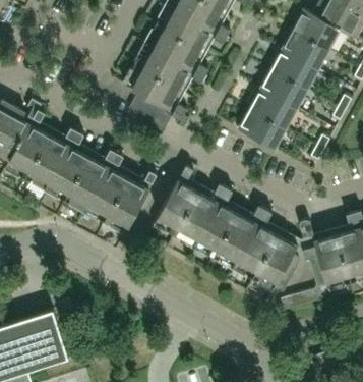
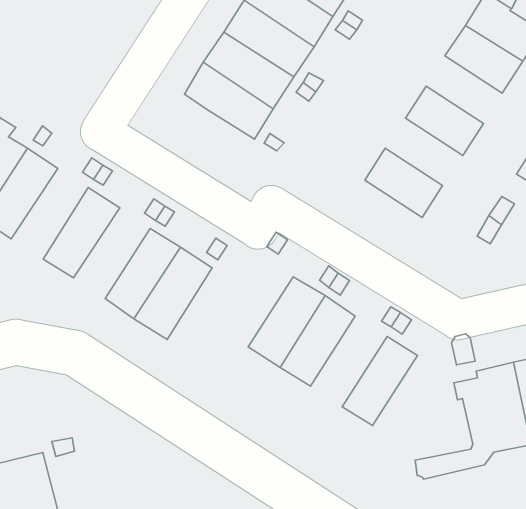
building: [271,48,318,88] -> none
building: [249,88,297,127] -> none
building: [129,91,169,133] -> none
building: [24,133,69,189] -> none
building: [64,155,109,211] -> none
building: [153,177,198,234] -> none
building: [214,211,258,267] -> none
building: [253,232,299,291] -> none

